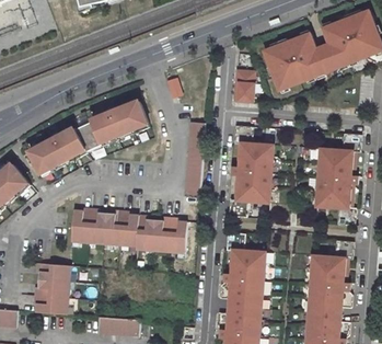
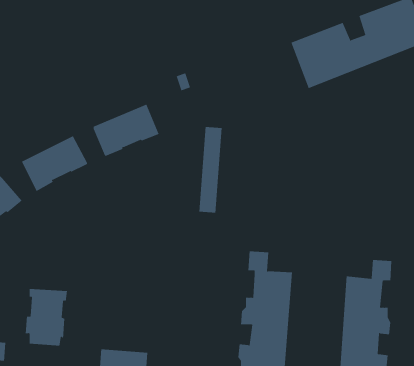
building: [232,69,253,101] -> none
building: [228,124,271,216] -> none
building: [74,125,101,154] -> none
building: [314,133,360,223] -> none
building: [71,209,186,253] -> none

